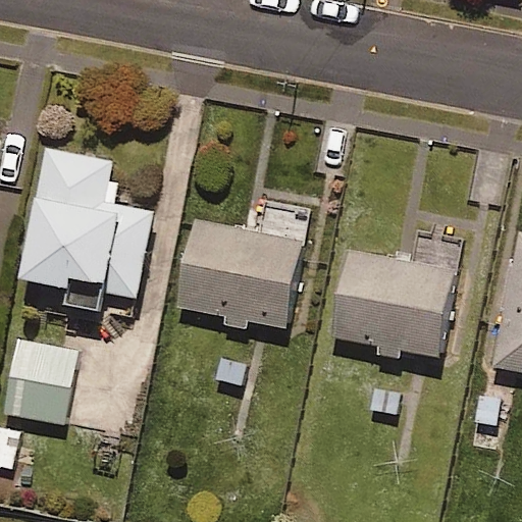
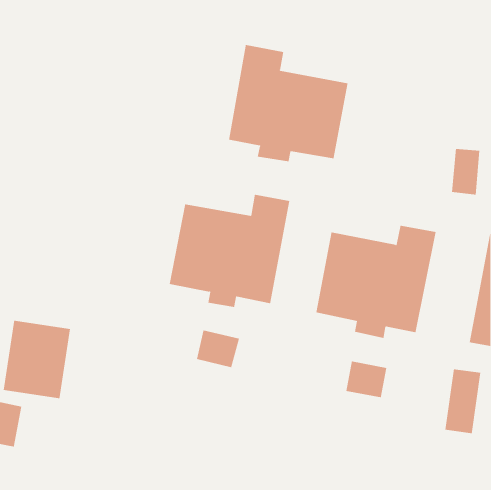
building: none -> [228,44,348,162]
building: [23,147,152,322] -> none

